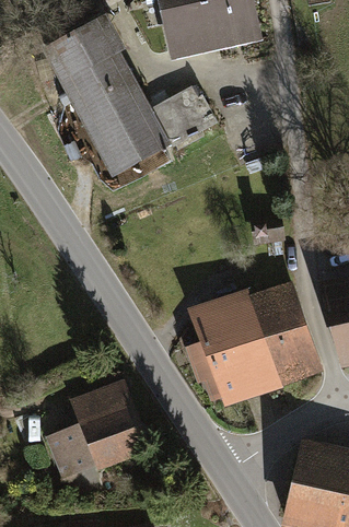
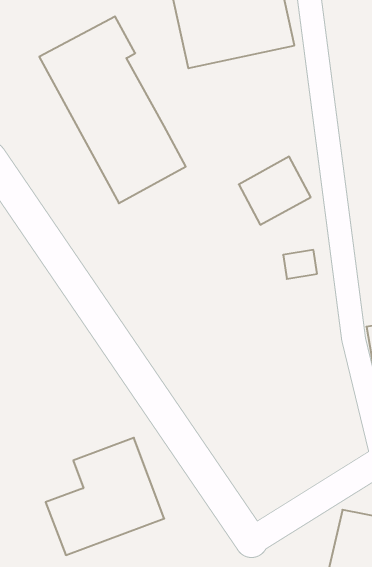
building: [150,86,212,145] -> [239,157,311,225]
building: [187,284,322,405] -> none

